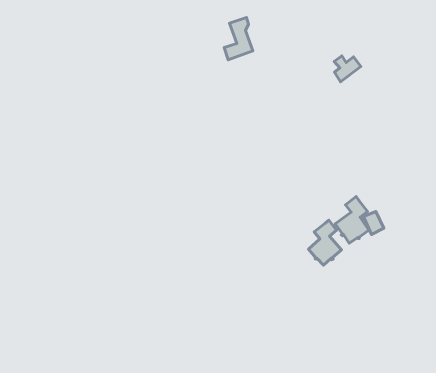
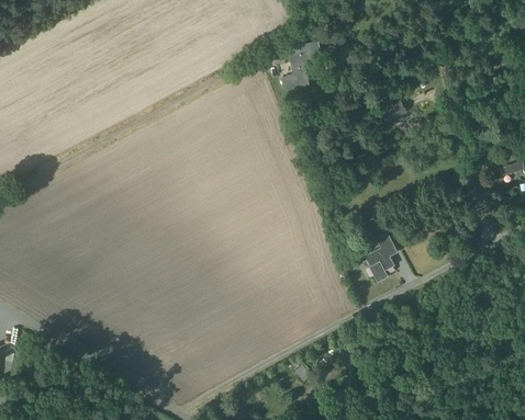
building: [308,220,342,265] -> none

